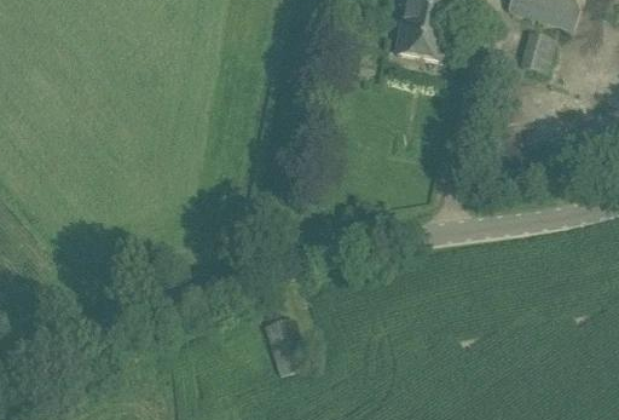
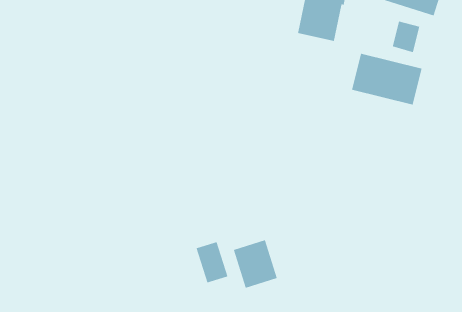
building: none -> [351,53,423,106]
building: none -> [233,239,278,289]

